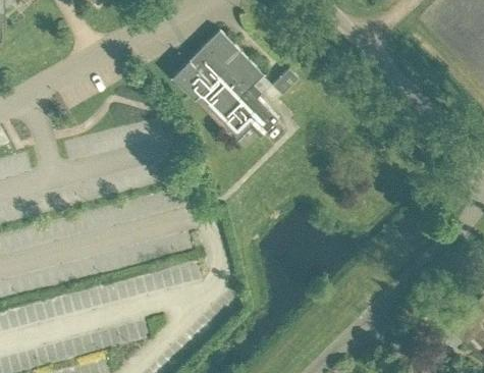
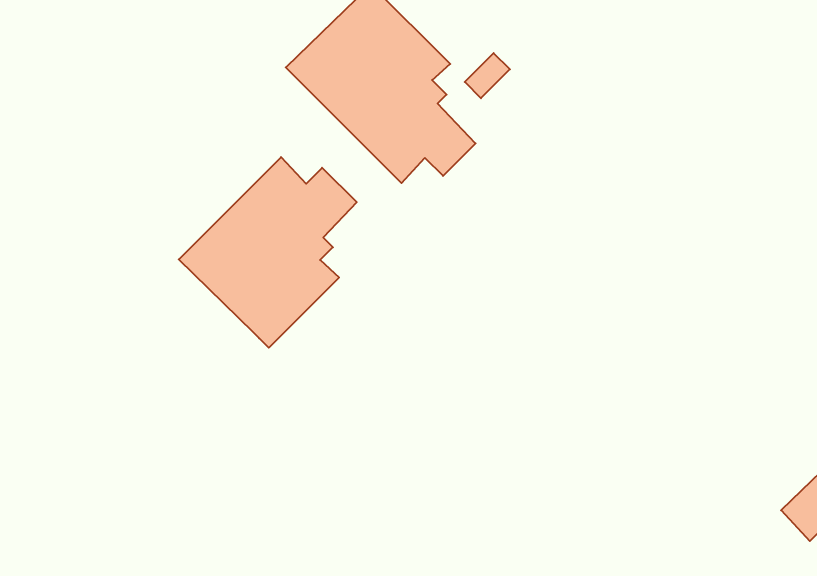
building: none -> [179,157,357,348]

